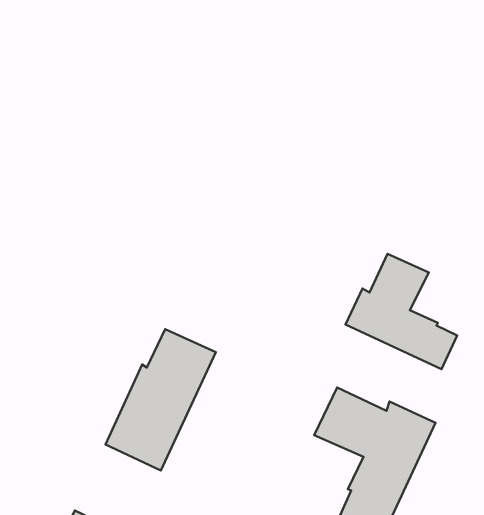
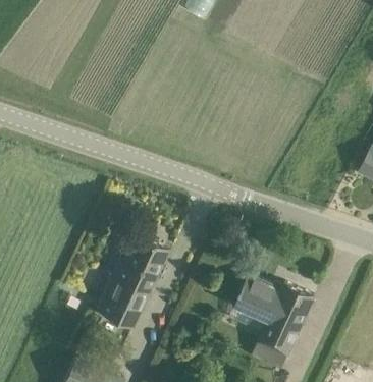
building: [346,254,457,369] -> none

